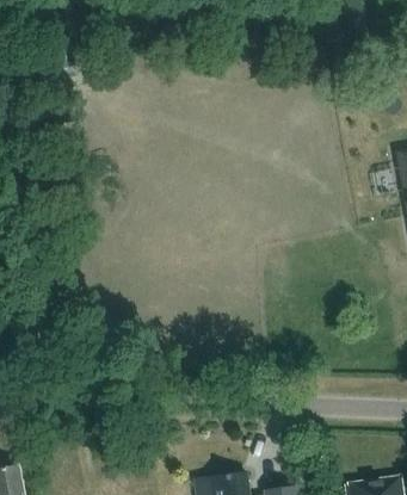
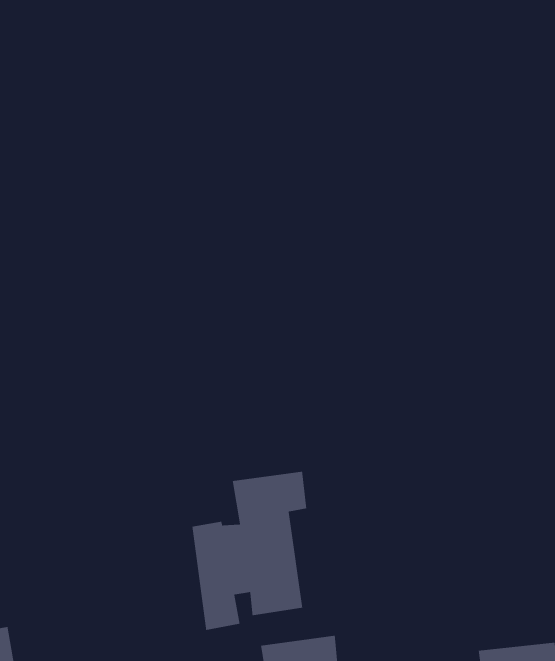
building: none -> [192,471,307,631]

